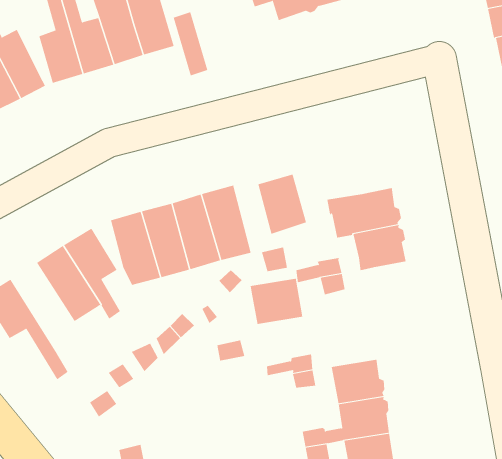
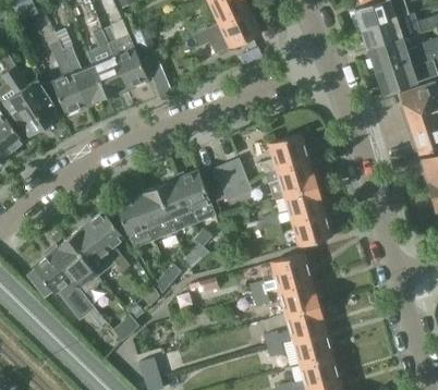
building: none -> [260,134,308,173]
building: none -> [292,210,331,246]
building: none -> [51,239,102,298]
building: [250,278,303,324] -> [271,254,311,289]

